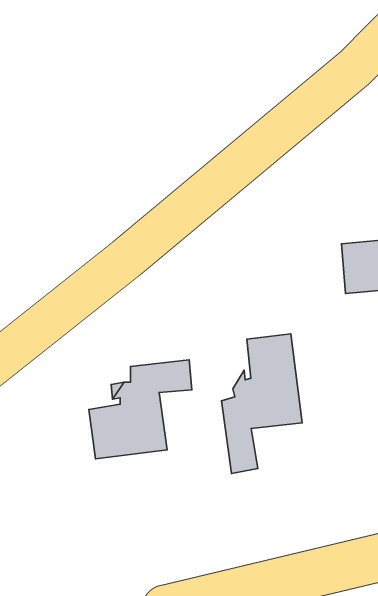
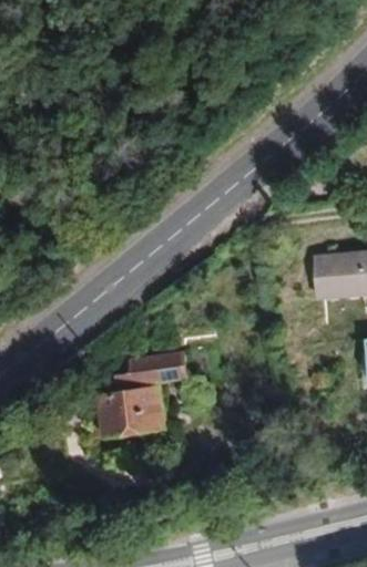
building: [221,334,302,473] -> none

